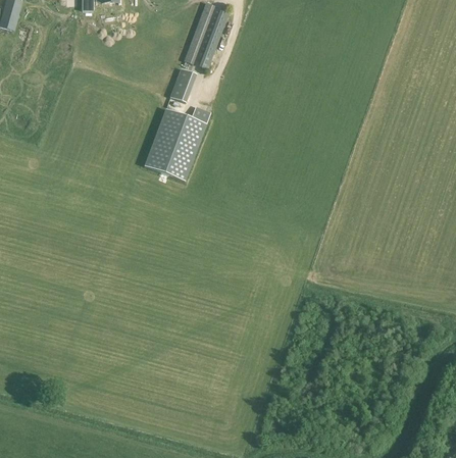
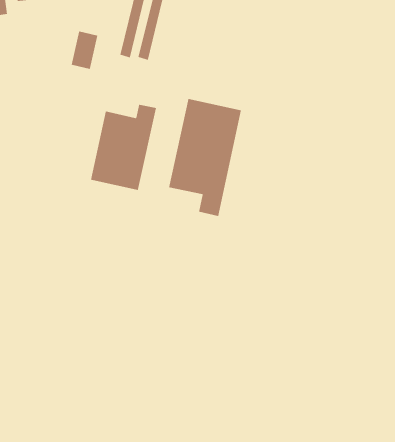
building: [170,67,197,102] -> [71,31,98,70]
building: none -> [169,98,241,217]

